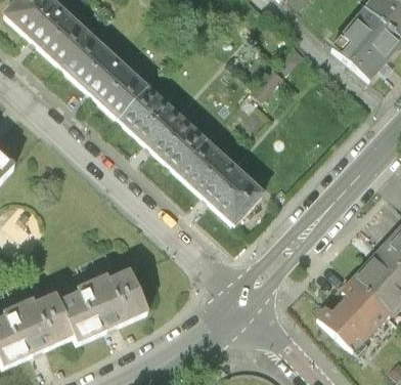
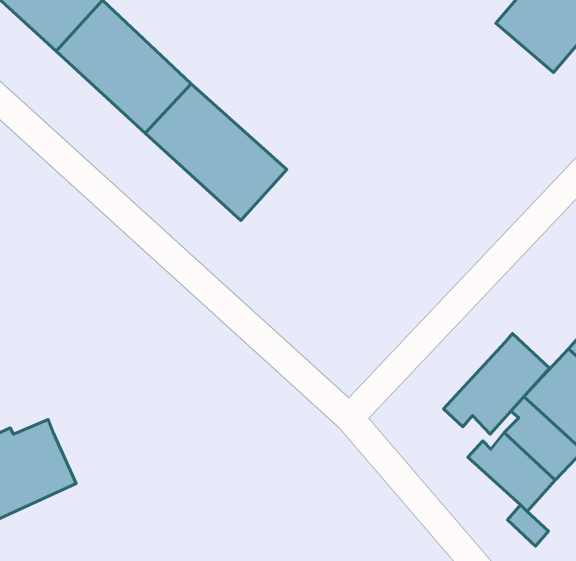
building: [176,137,263,222] -> none
building: none -> [443,334,549,434]
building: [59,269,148,342] -> none

